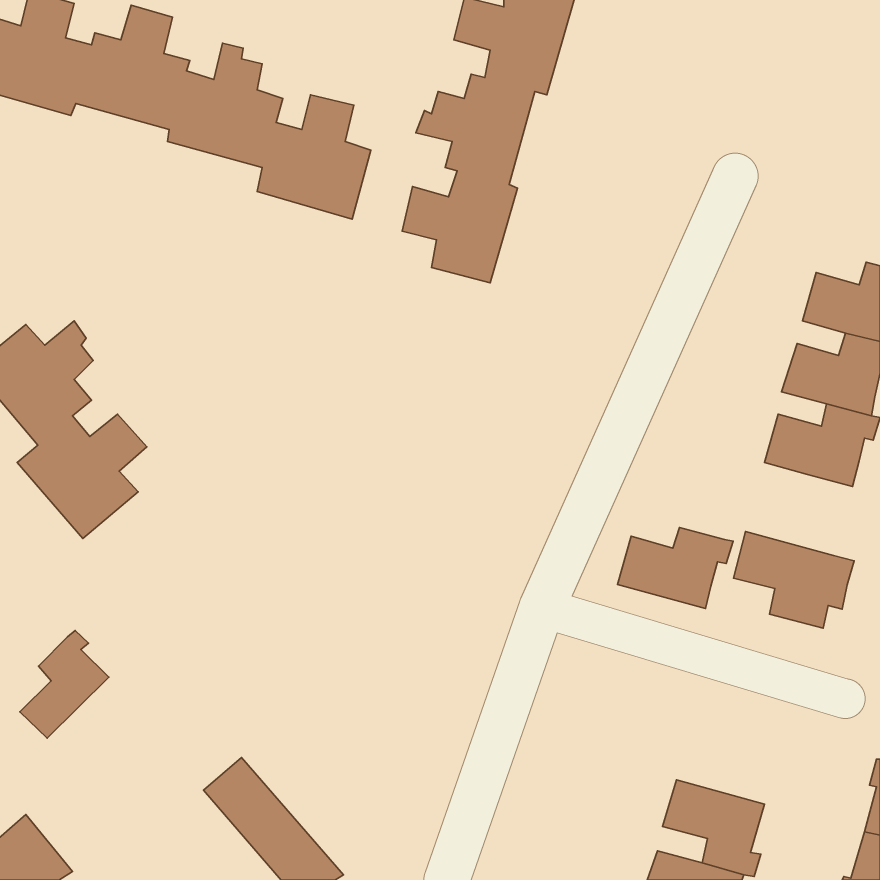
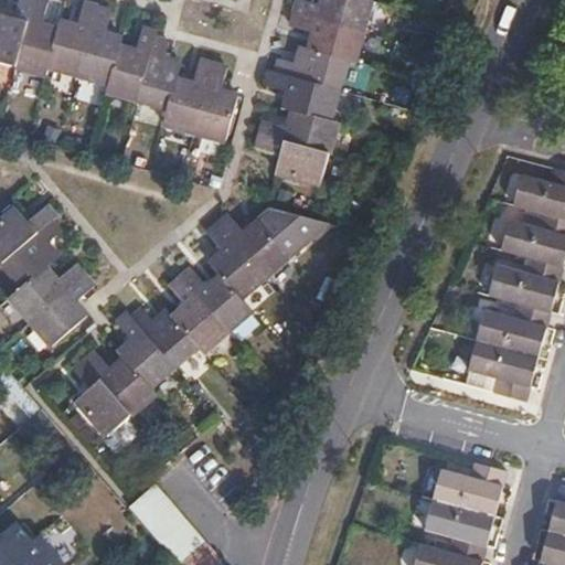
building: none -> [75,207,331,435]
building: [618,527,733,609] -> [477,303,551,355]
building: [20,631,109,738] -> none
building: none -> [433,462,508,514]

